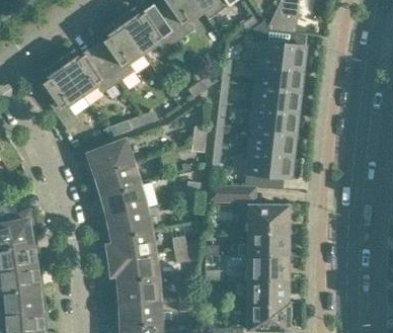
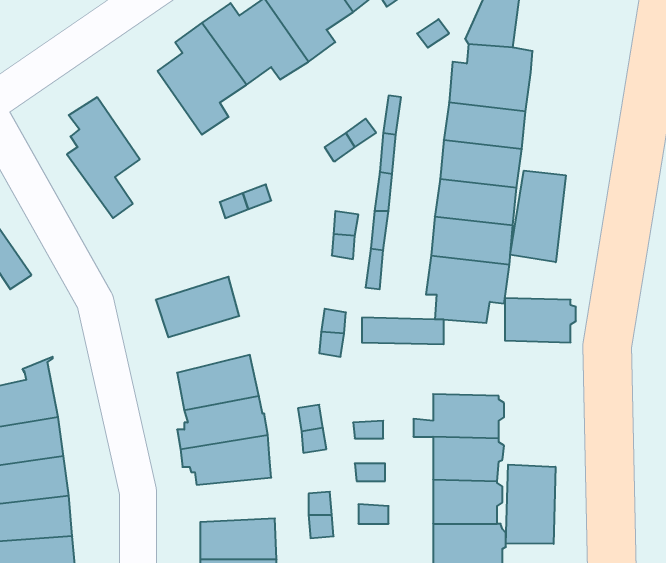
building: [60,46,120,96] -> none
building: none -> [510,171,566,262]
building: [90,140,135,176] -> none
building: [100,185,147,218] -> none
building: [251,205,292,231] -> [505,298,576,342]
building: none -> [506,465,555,544]
building: [116,277,161,303] -> none

